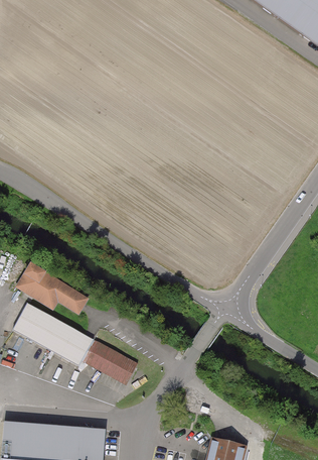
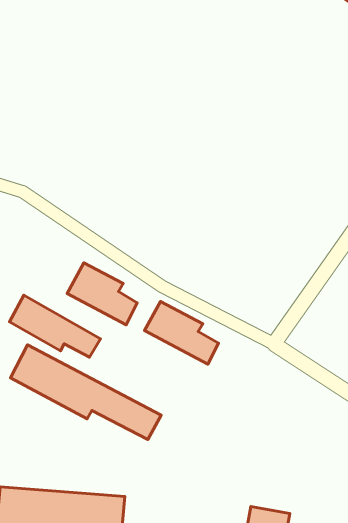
building: none -> [67,263,137,325]
building: none -> [145,301,218,364]

